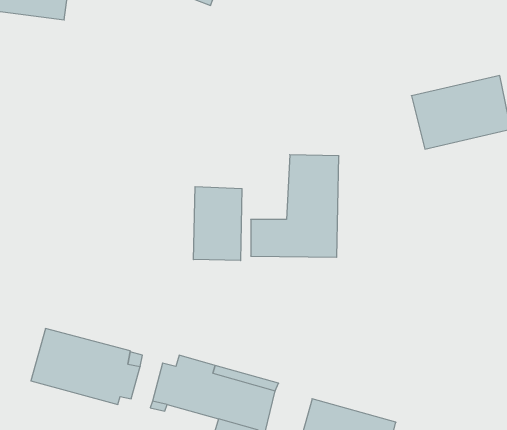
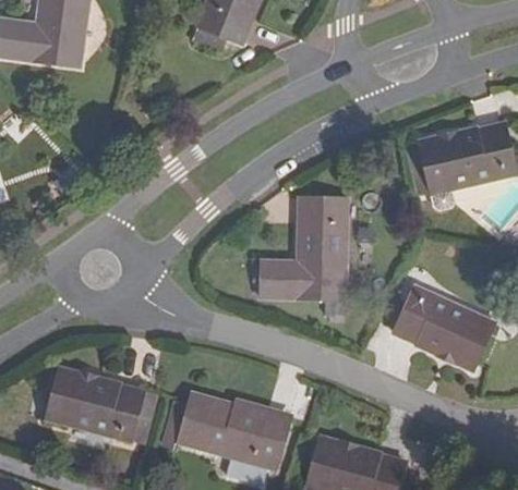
building: [193,187,242,261] -> none
building: none -> [394,286,495,370]

